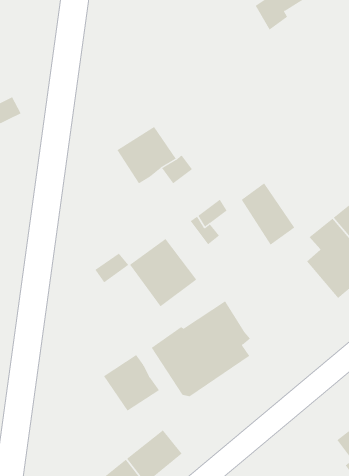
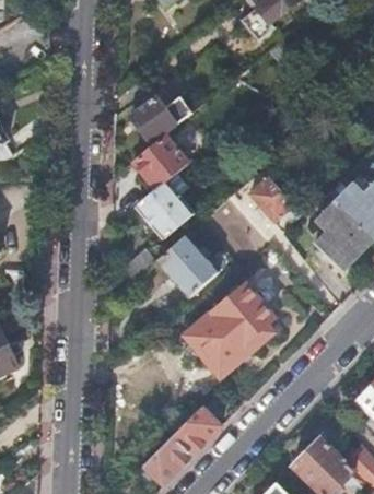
building: none -> [131,91,190,143]
building: none -> [137,181,194,239]
building: [103,354,160,411] -> none

